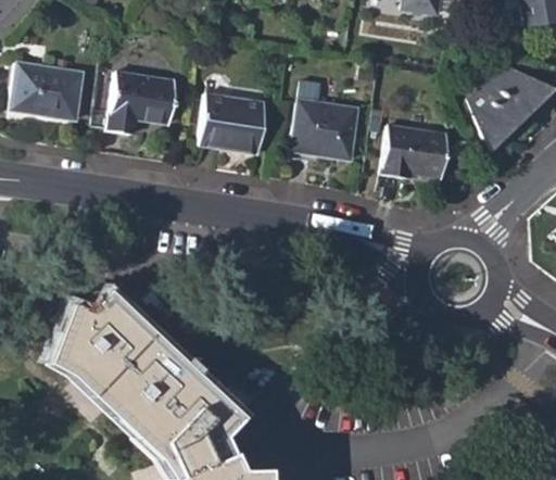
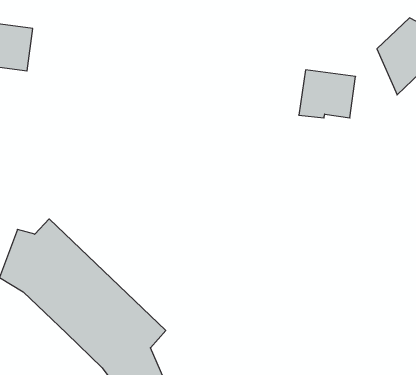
building: [106,71,173,135] -> none
building: [293,83,358,159] -> none
building: [195,91,261,152] -> none

